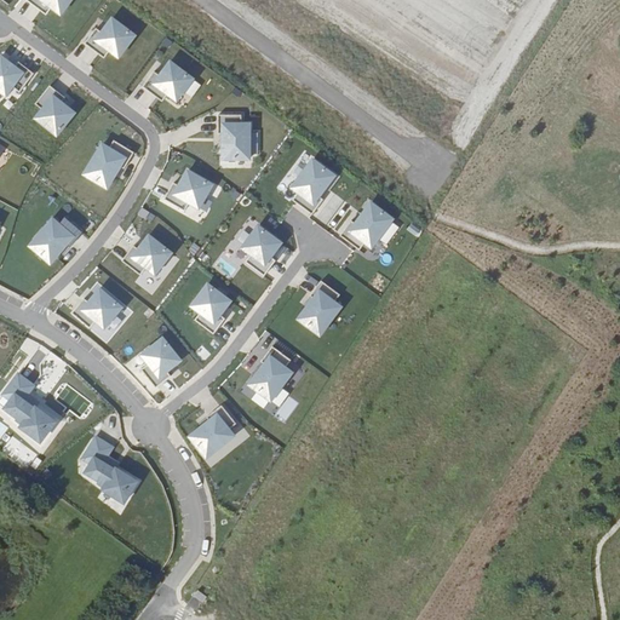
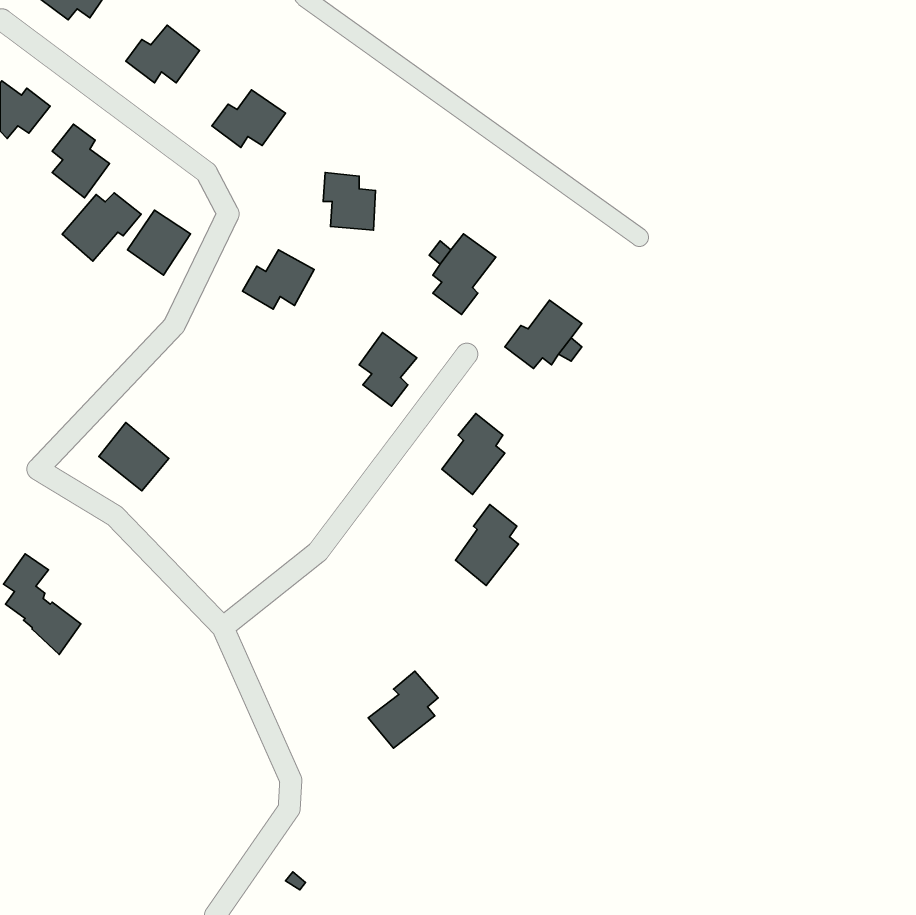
building: [30,216,84,262] -> [62,193,141,261]
building: [124,234,172,272] -> none
building: [193,283,231,333] -> none
building: [142,337,180,386] -> none
building: [249,345,292,400] -> [456,504,518,585]
building: [190,403,237,455] -> [368,671,438,748]
building: [85,435,139,500] -> none

